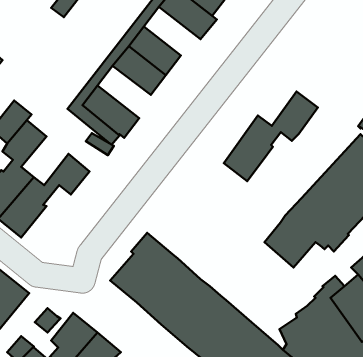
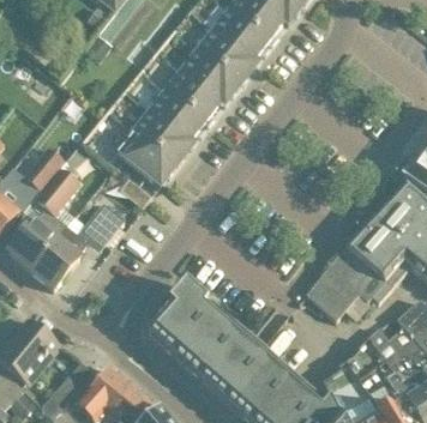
building: none -> [182,49,241,103]
building: none -> [134,110,193,164]
building: [224,92,318,181] -> none

